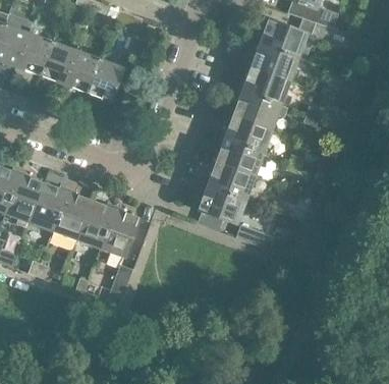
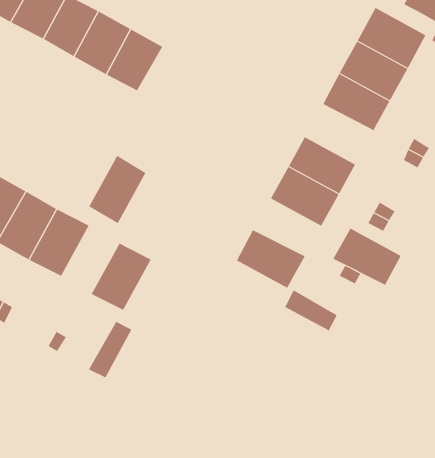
building: [232,91,280,129] -> none
building: [206,162,254,199] -> [332,228,402,286]
building: [77,200,114,248] -> [89,155,146,224]

